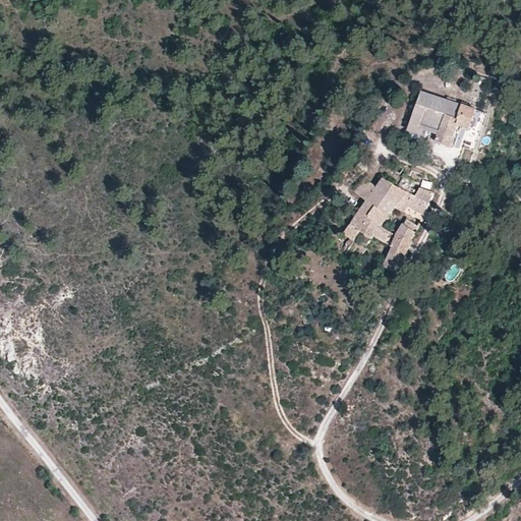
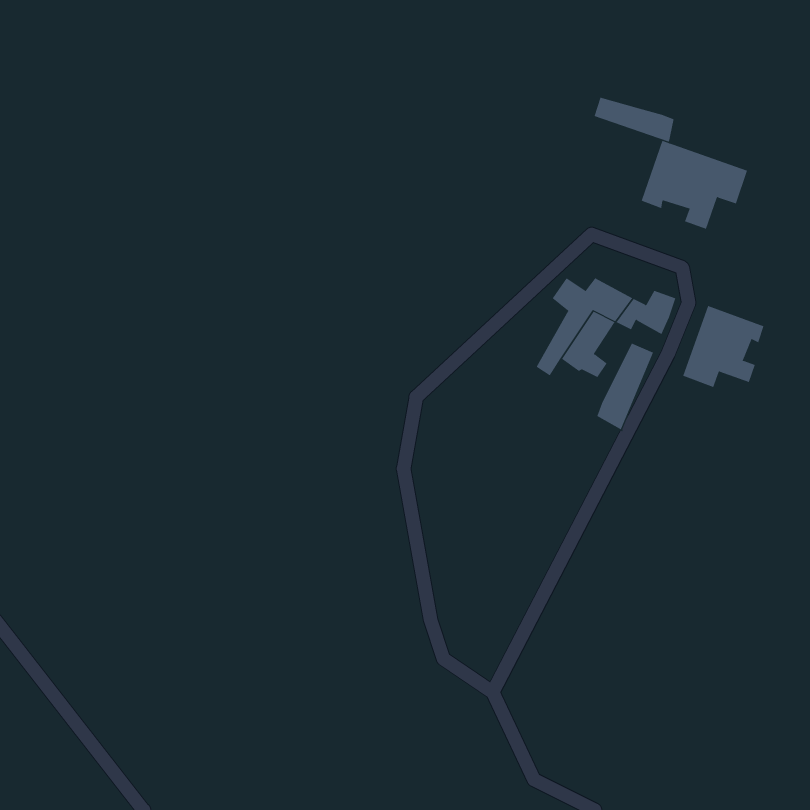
building: none -> [594,97,674,143]
building: none -> [682,305,764,388]

